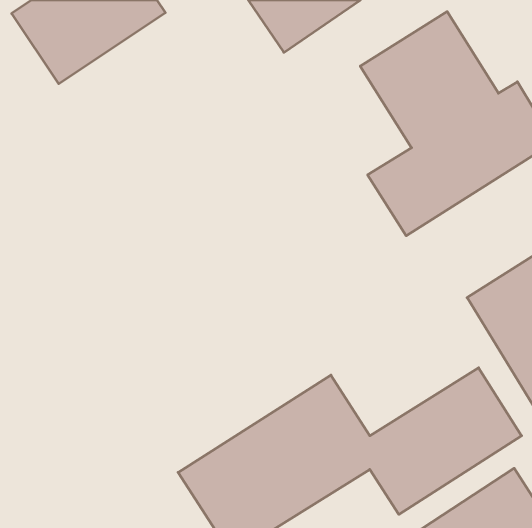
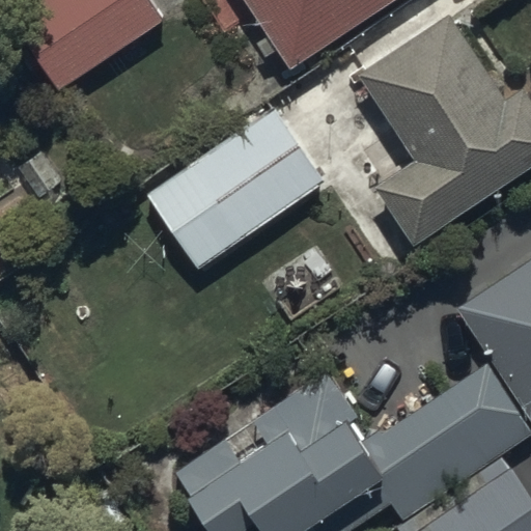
building: none -> [147,107,329,271]

